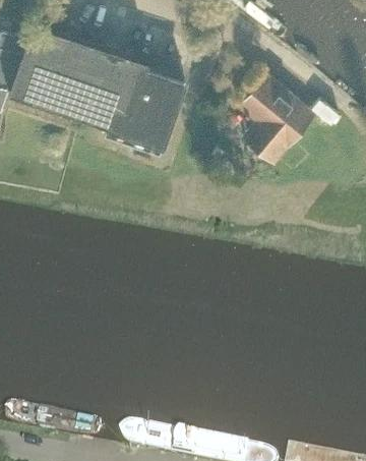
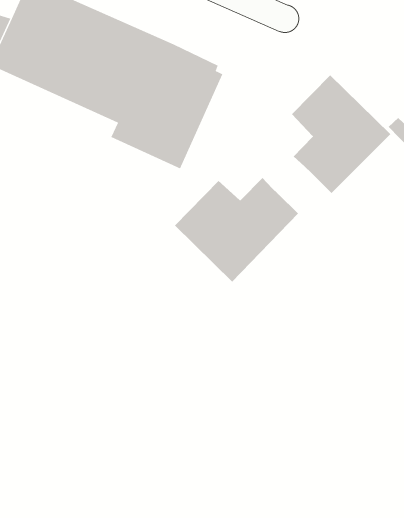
building: none -> [174,177,299,283]

